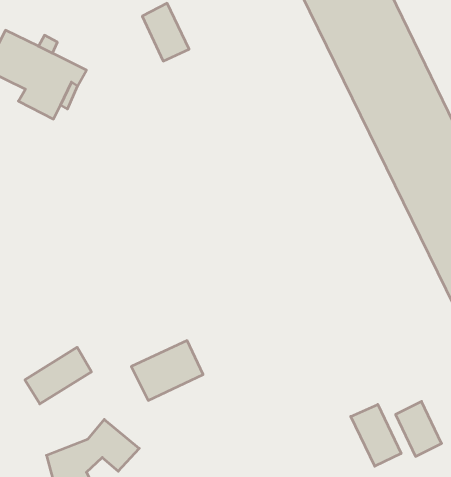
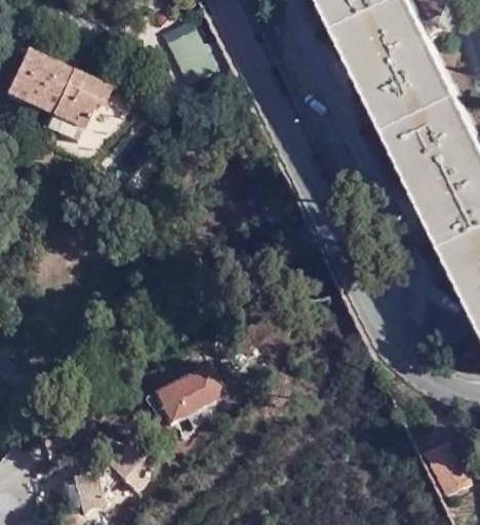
building: [25,347,91,404] -> none
building: [351,404,401,466] -> none

